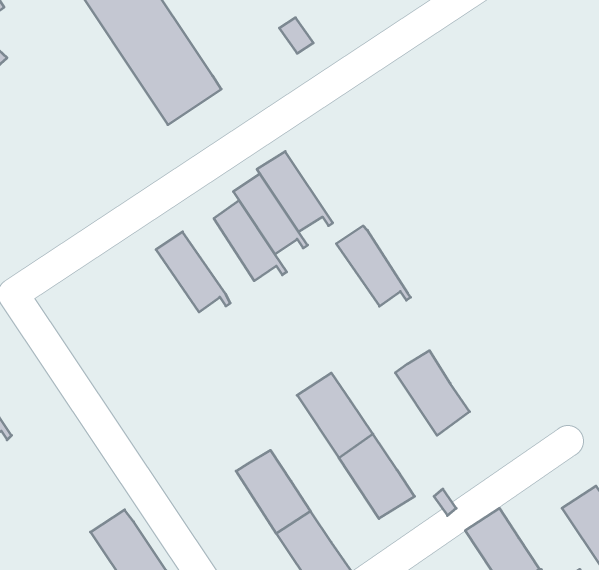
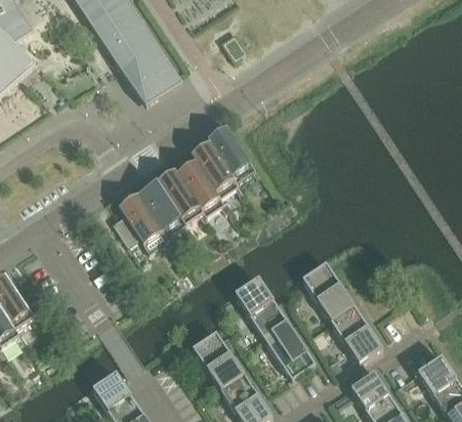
building: [336,226,411,306] -> [156,167,207,222]
building: none -> [113,192,167,243]
building: none -> [331,303,382,362]

